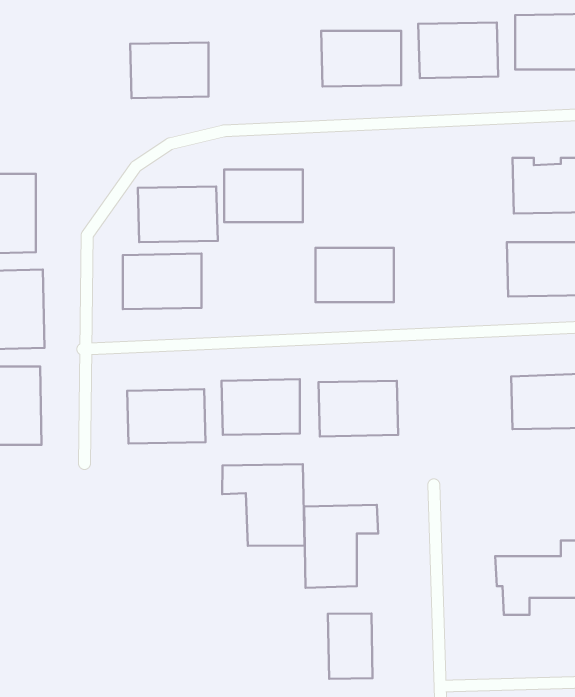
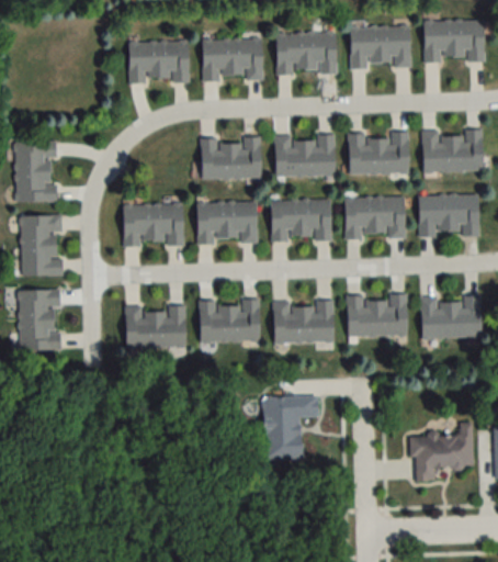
building: none -> [202,38,263,80]
building: none -> [349,132,409,175]
building: none -> [274,135,336,177]
building: [138,187,218,242] -> [196,201,258,244]
building: none -> [344,195,406,238]
building: none -> [347,294,407,337]
building: [222,464,305,546] -> none
building: [328,613,373,679] -> none

